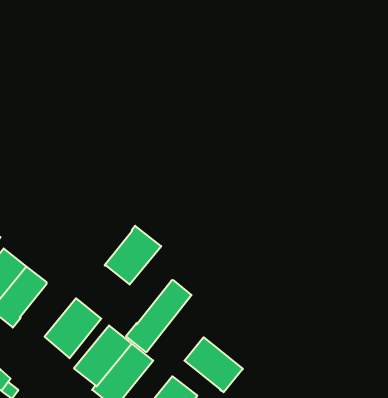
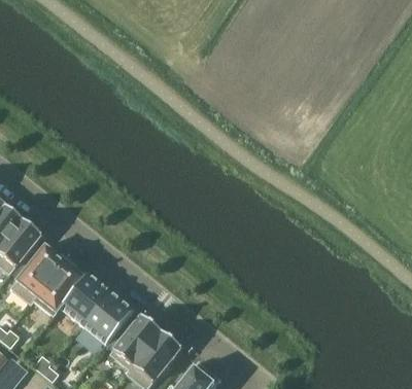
building: [105,226,161,285] -> [60,271,111,324]
building: [126,280,192,352] -> none
building: [184,337,243,392] -> none

